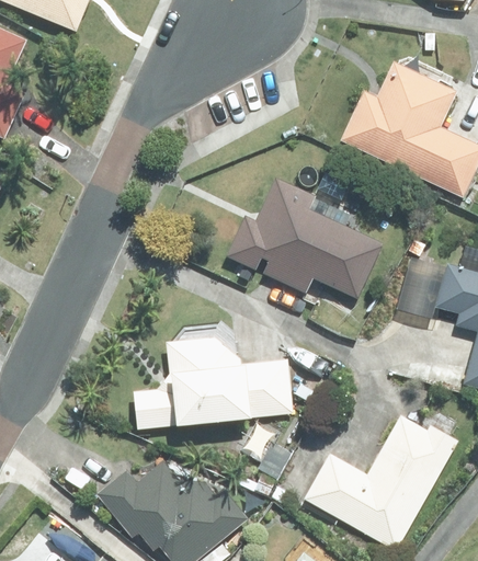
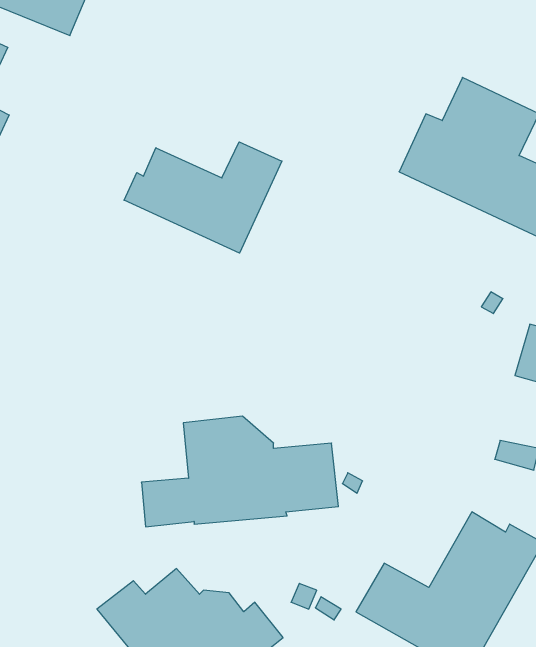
building: none -> [124,142,282,253]
building: [227,178,382,298] -> none

